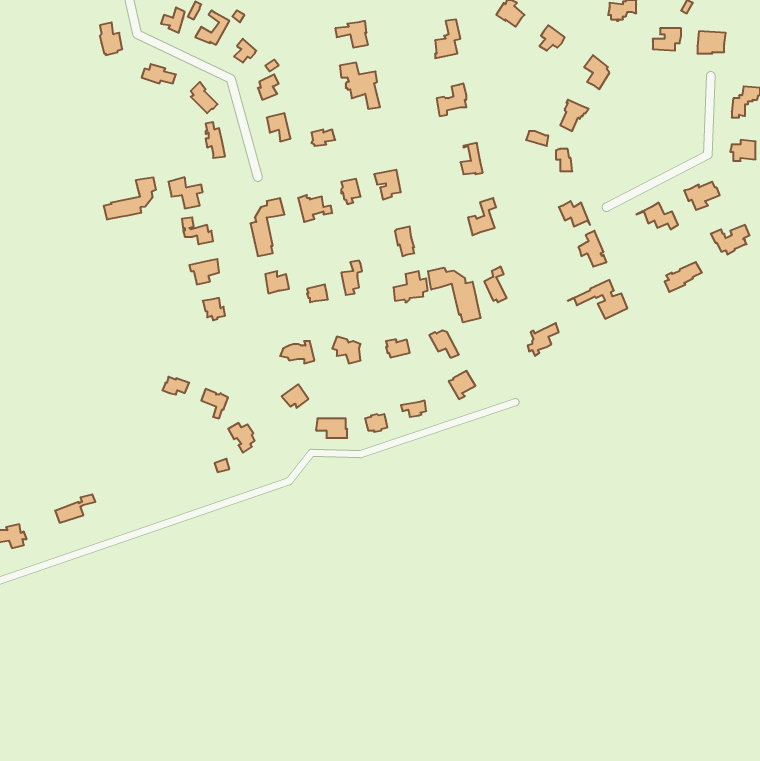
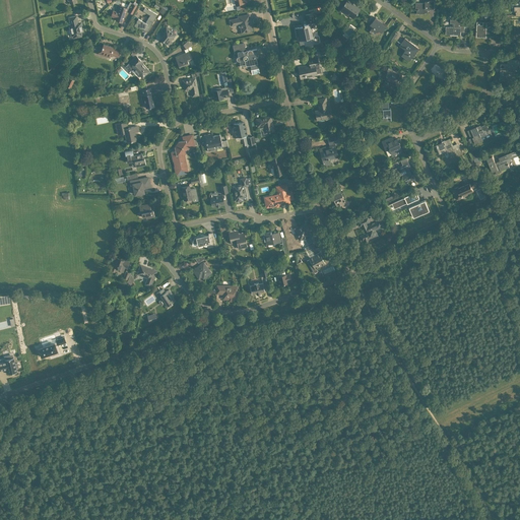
building: [104,177,156,220] -> none
building: [428,268,481,322] -> none

